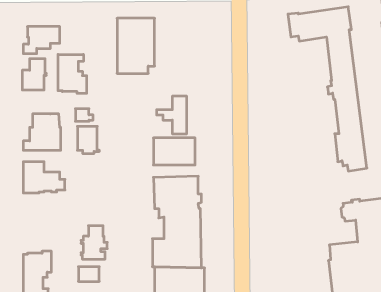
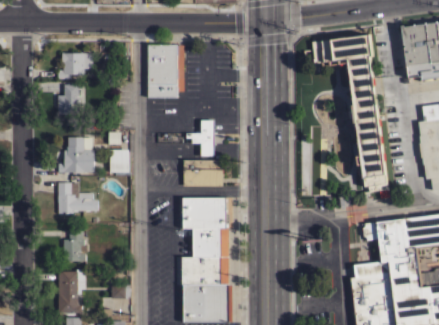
building: [58,54,87,93] -> none
building: [81,226,107,259] -> [62,229,87,261]

